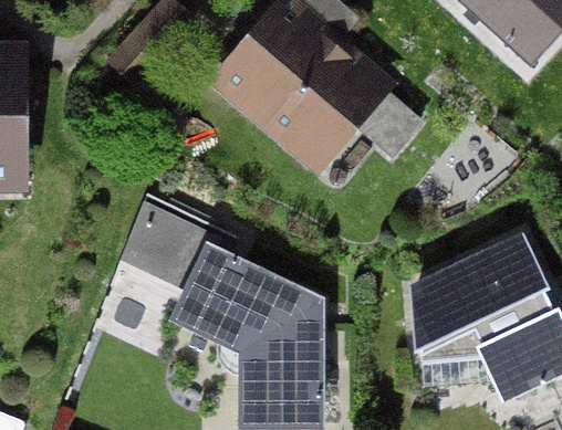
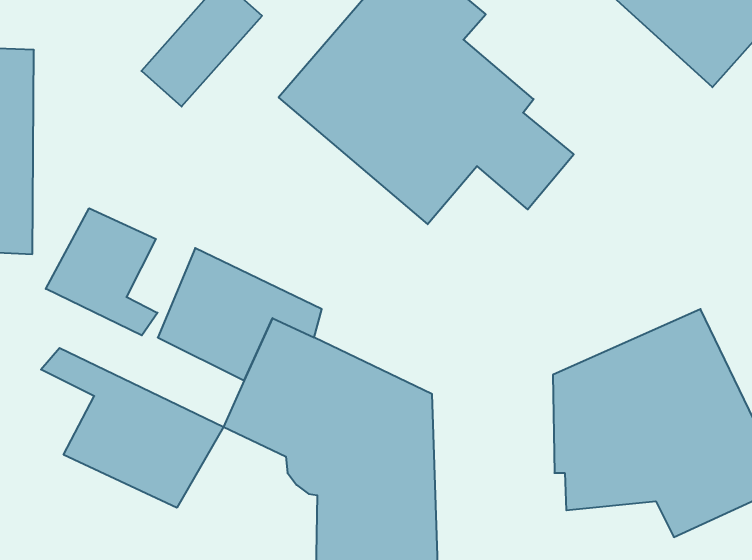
building: none -> [46,208,158,335]
building: none -> [41,348,223,508]

